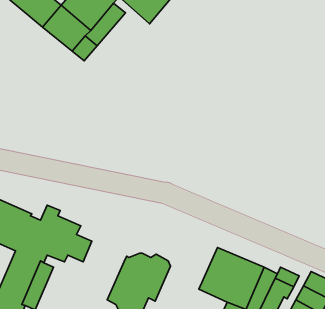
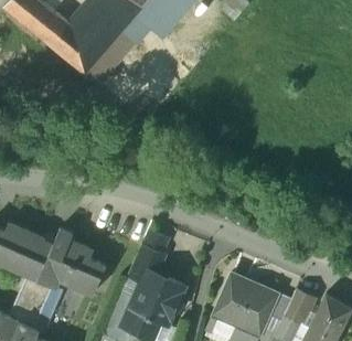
building: none -> [127,246,164,284]

